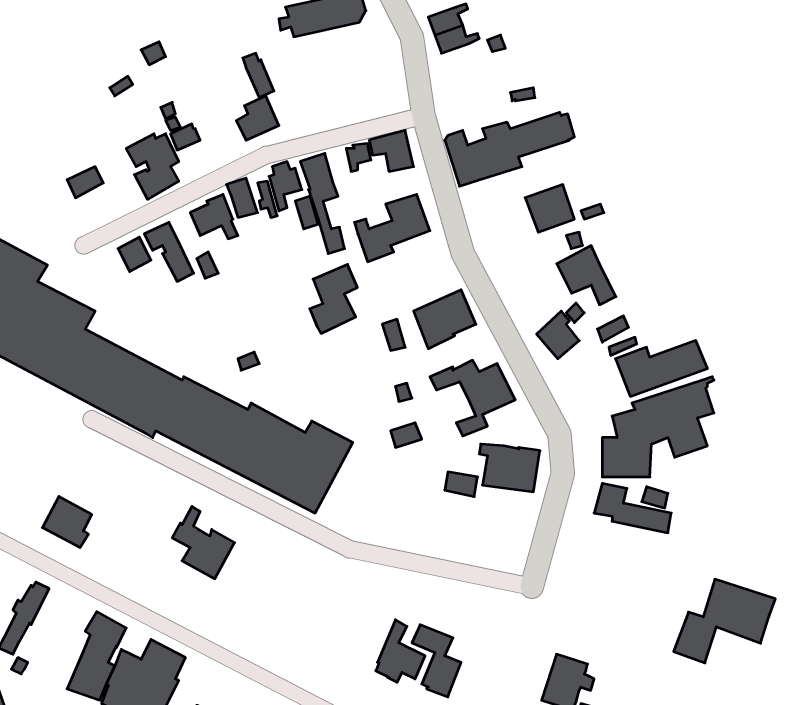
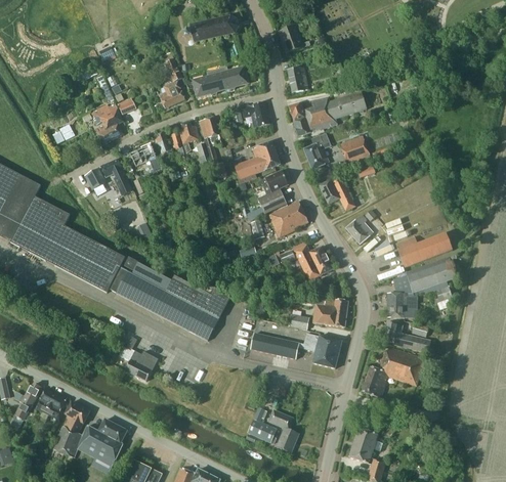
building: none -> [193,67,248,96]
building: none -> [288,67,308,92]
building: none -> [303,133,331,169]
building: [557,246,616,305] -> [319,174,355,211]
building: [310,264,357,333] -> [258,170,288,213]
building: [42,496,92,547] -> [36,388,67,420]
building: none -> [251,333,342,368]
building: [674,579,775,663] -> [362,346,425,398]

